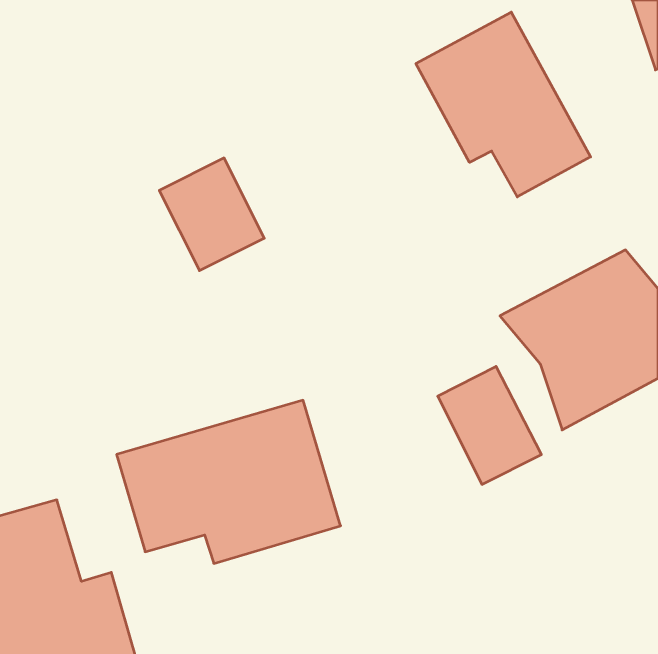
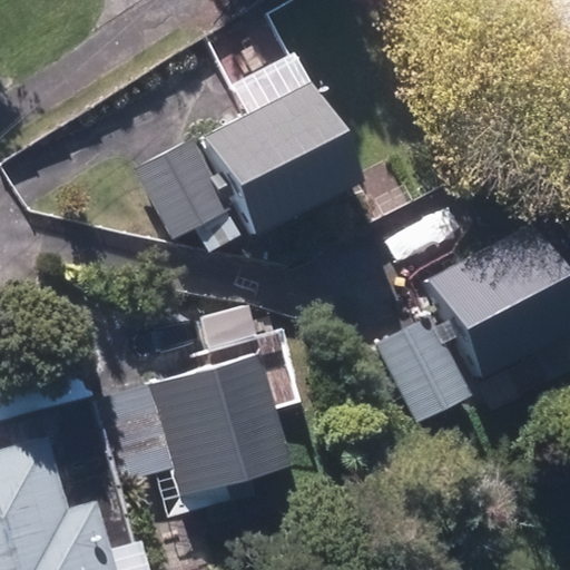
building: [416,12,591,197] -> none
building: none -> [206,79,365,234]

